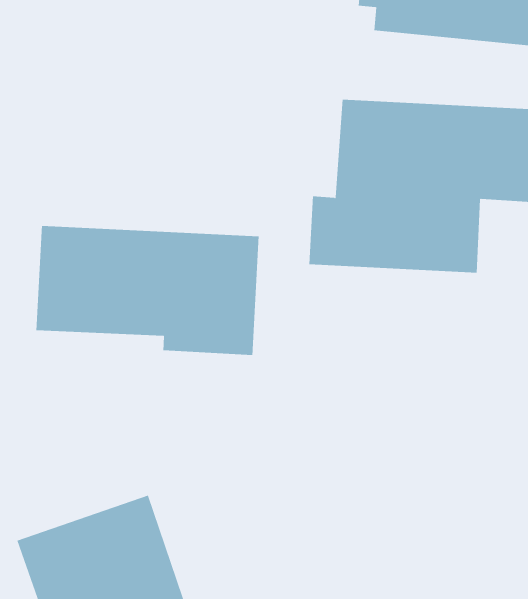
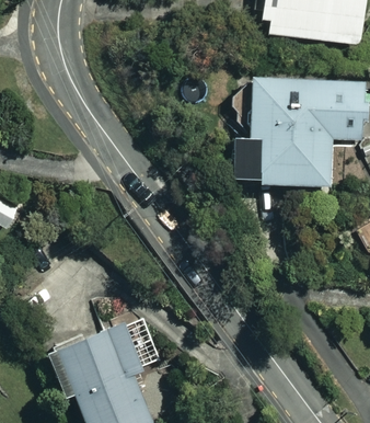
building: [36,225,259,356] -> none

